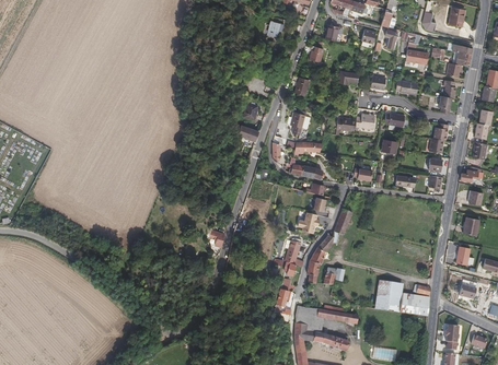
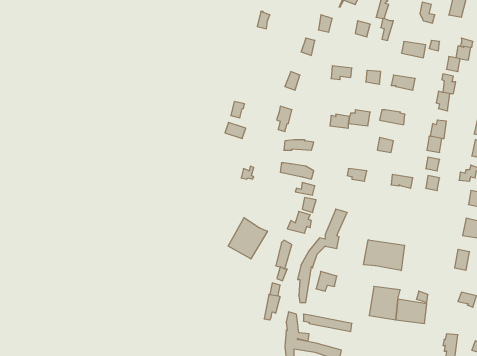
building: none -> [228,218,267,259]
building: none -> [364,240,404,271]

